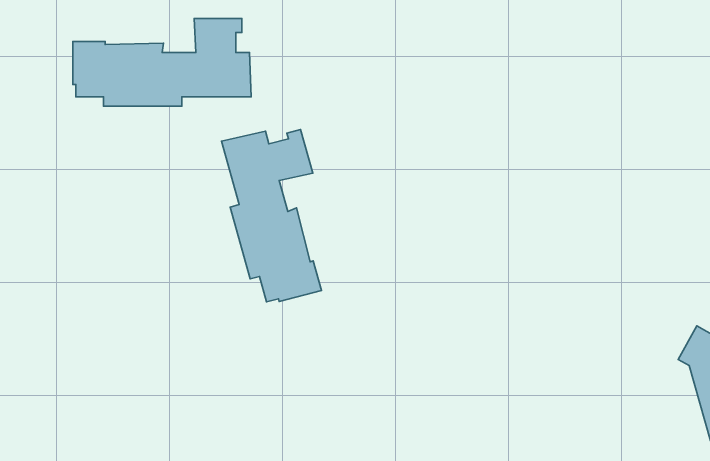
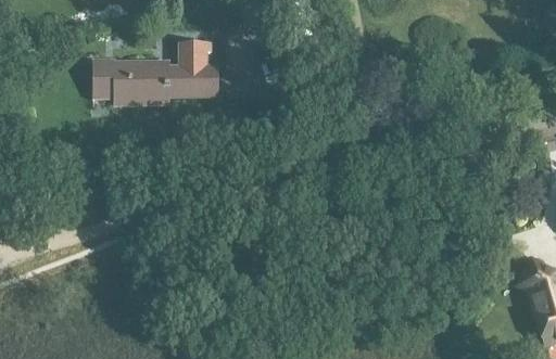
building: [221,130,321,302] -> none

